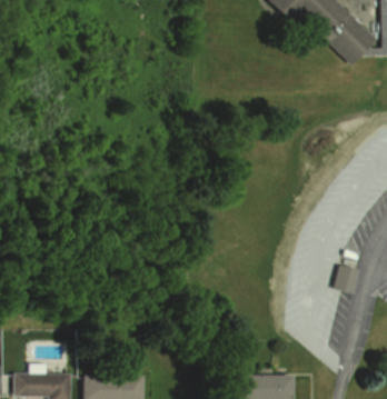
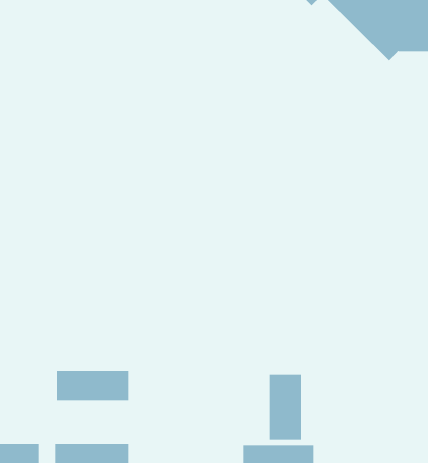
building: none -> [57,370,129,401]
building: none -> [269,374,302,441]

